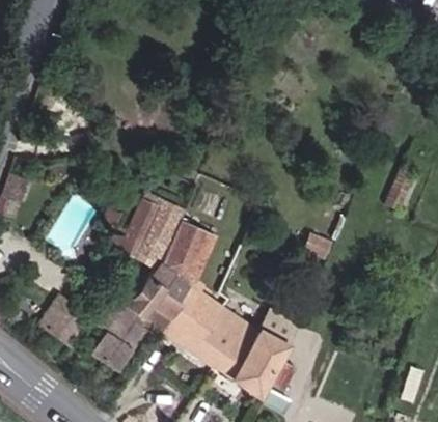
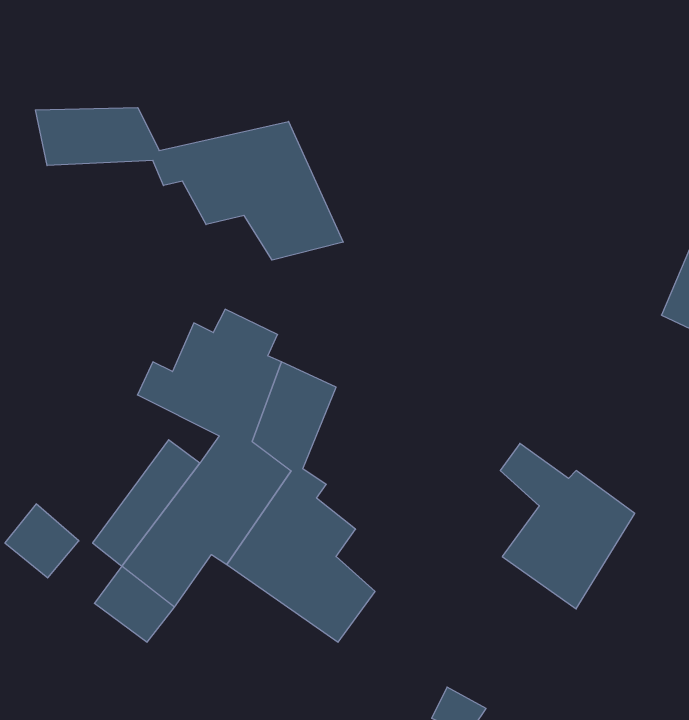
building: none -> [35,108,343,260]
building: [218,313,290,401] -> [500,443,635,609]

